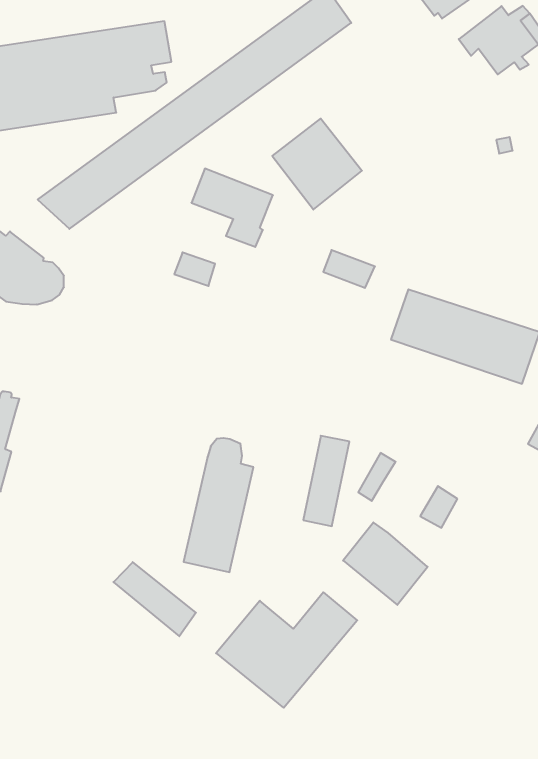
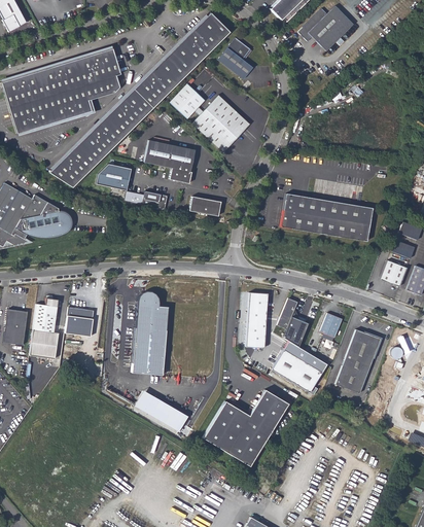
building: none -> [218,37,252,79]
building: none -> [170,83,203,117]
building: none -> [96,164,130,189]
building: [323,250,375,288] -> [190,195,222,215]
building: none -> [66,307,95,337]
building: [184,438,253,572] -> [133,291,168,375]
building: none -> [284,317,310,348]
building: none -> [333,329,378,393]

